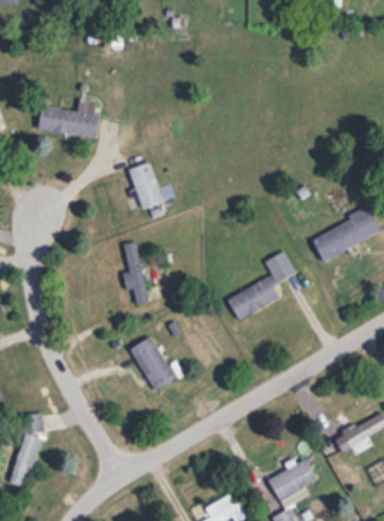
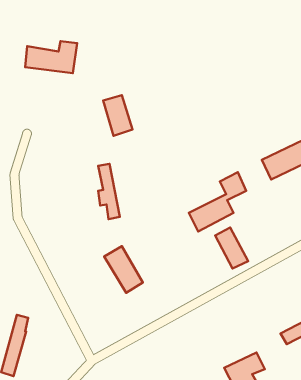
building: none -> [215,227,248,268]

